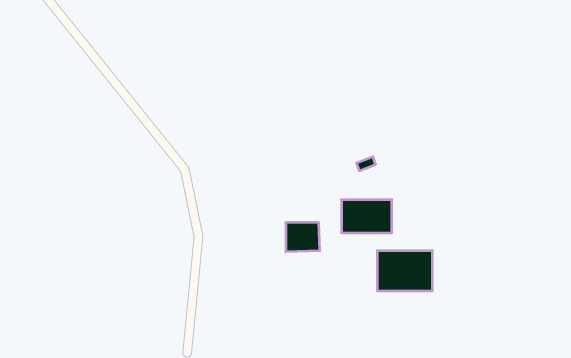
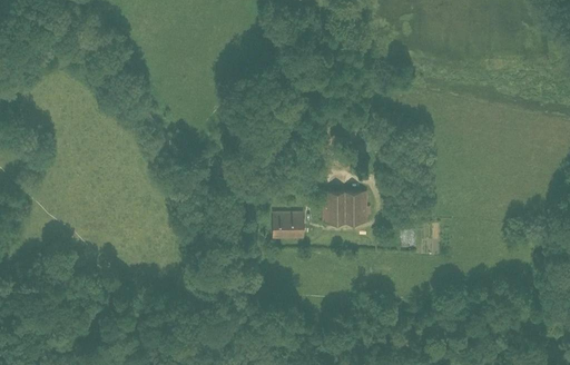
building: [378,250,432,291] -> none

